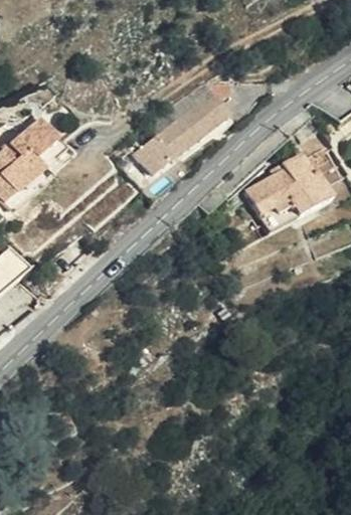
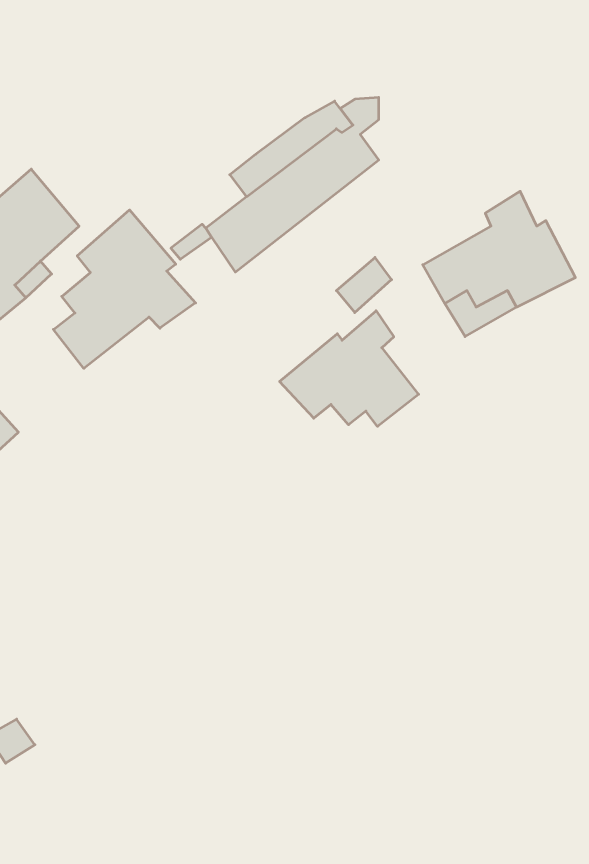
building: none -> [53,210,196,368]
building: none -> [280,311,419,426]

